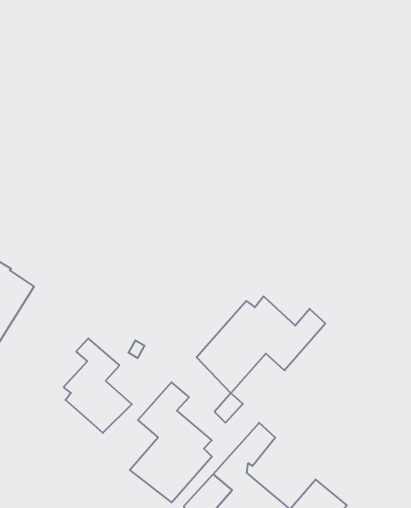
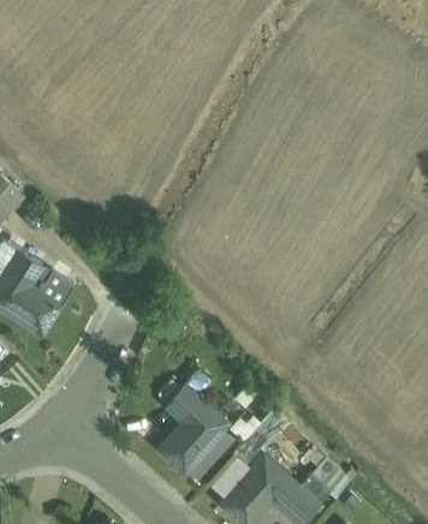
building: [197,296,325,393] -> none
building: [64,338,132,433] -> none

